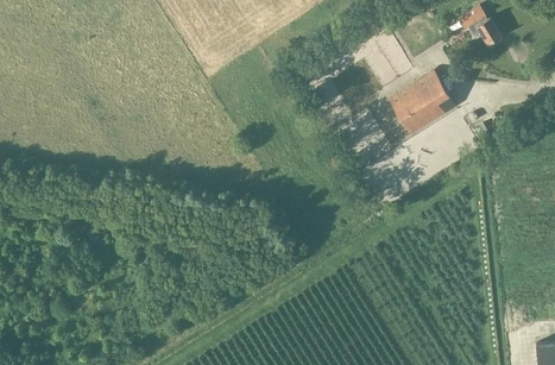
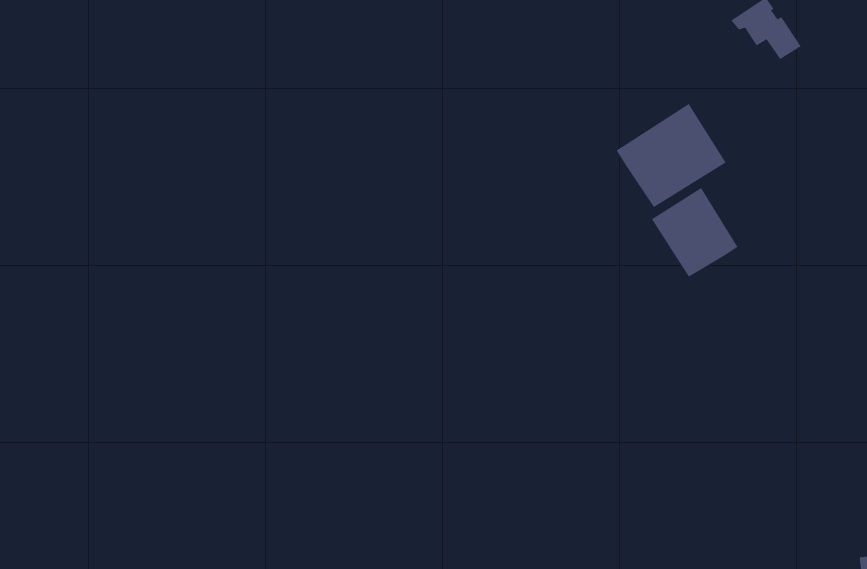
building: none -> [651,187,738,277]

